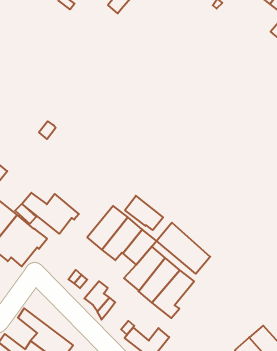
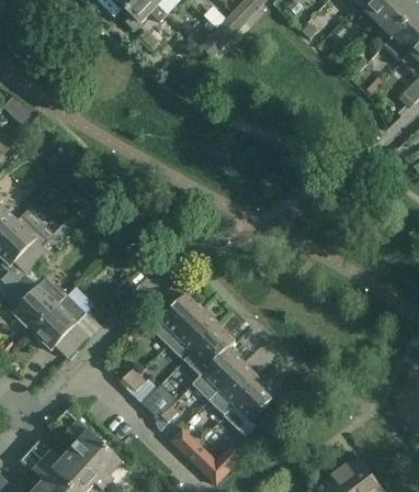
building: [22,193,79,234] -> none
building: [125,196,163,230] -> none
building: [157,223,210,274] -> none

